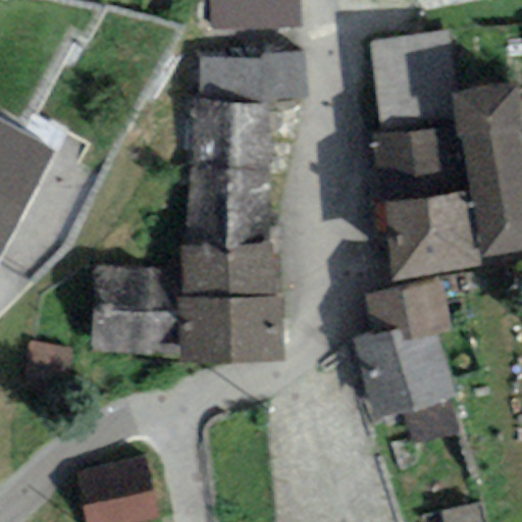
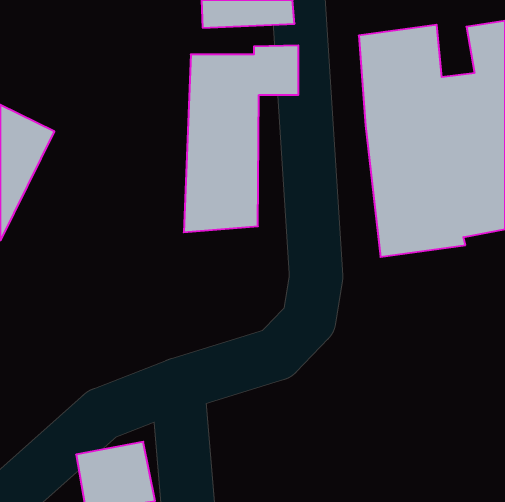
building: [91,237,282,357] -> none
building: [351,279,463,445] -> none

